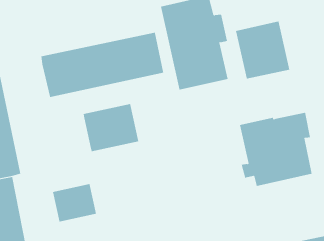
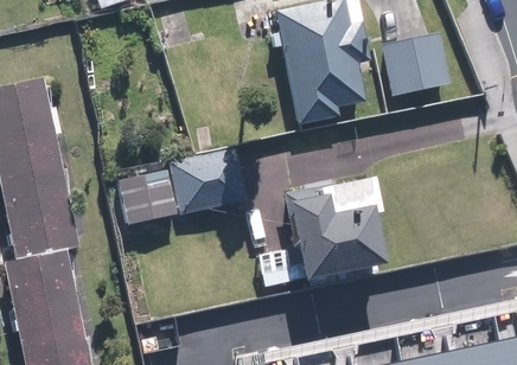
building: [41,32,164,98] -> none
building: [239,112,313,186] -> [285,174,388,278]
building: [52,183,97,222] -> [115,171,178,225]

